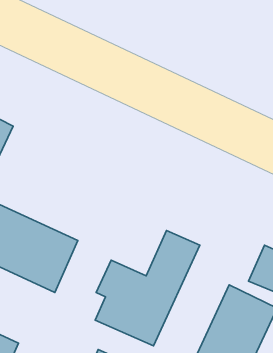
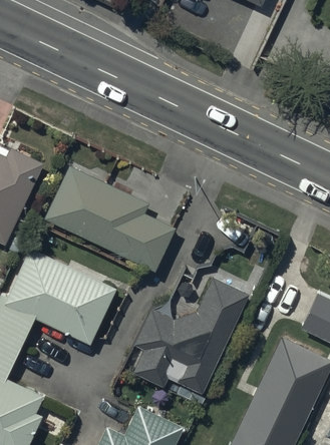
building: none -> [45,167,176,269]

